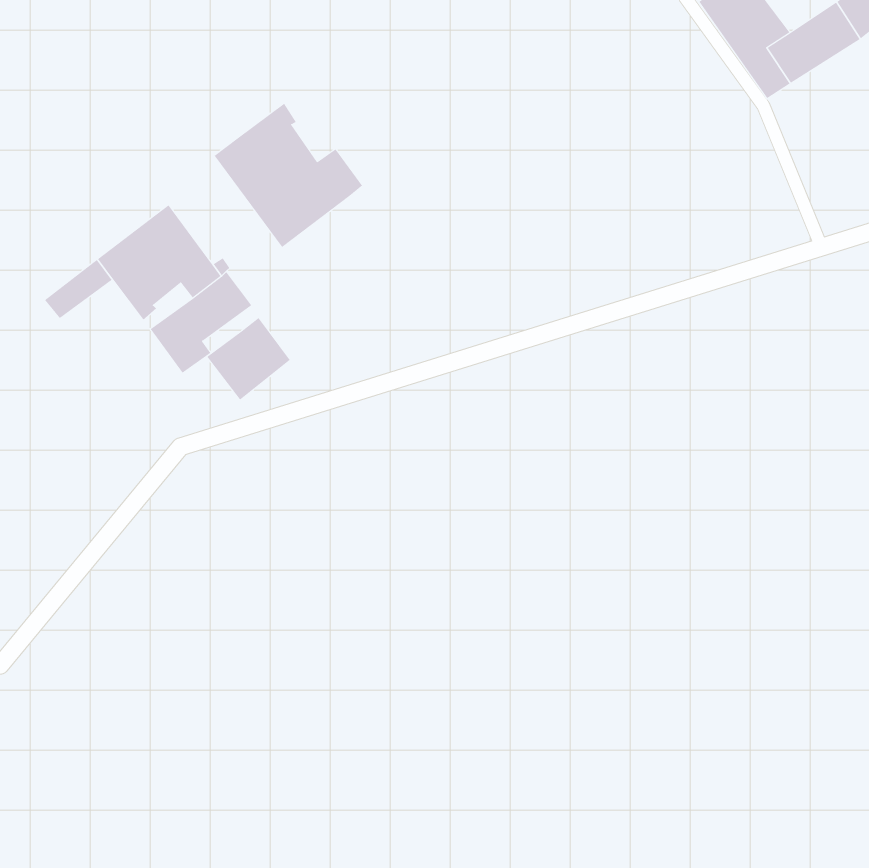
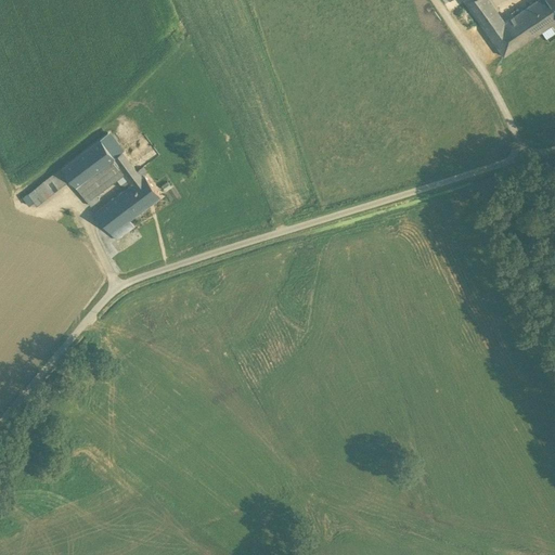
building: [214,103,363,248] -> none
building: [206,317,290,400] -> none

